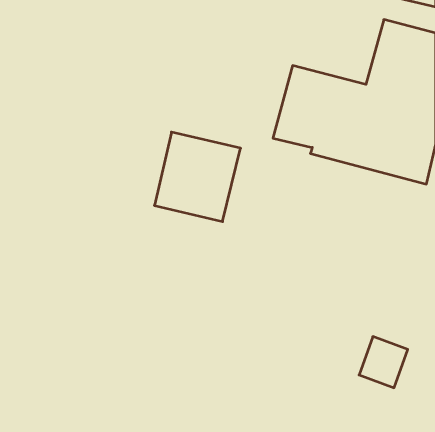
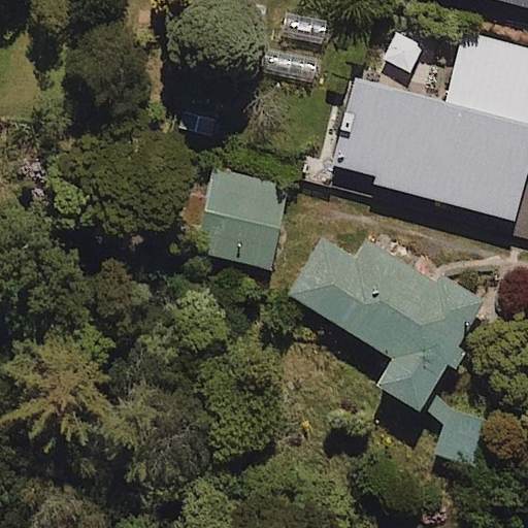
building: none -> [287,236,492,418]

